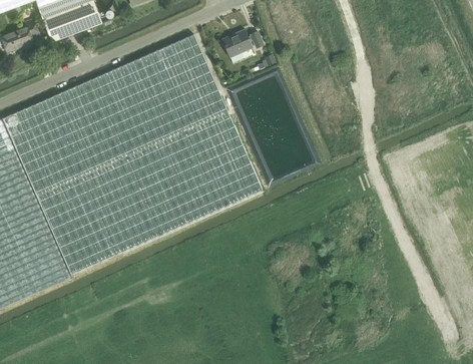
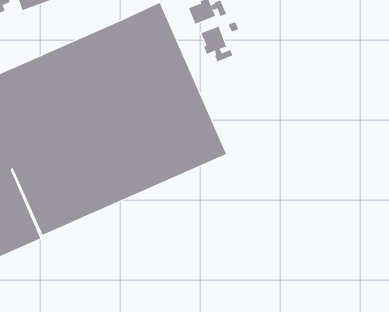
building: none -> [201,26,233,62]

